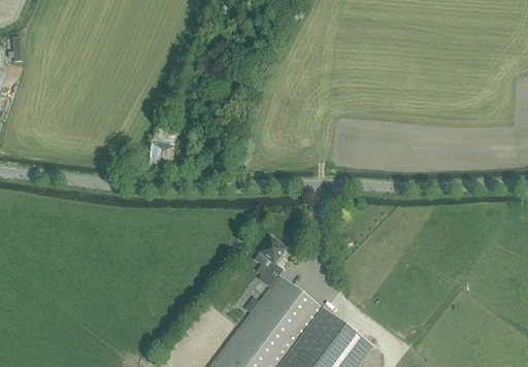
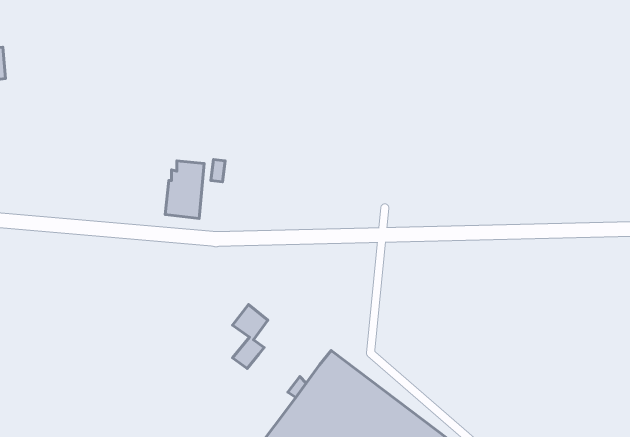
building: [258,238,286,289] -> [233,304,268,368]

